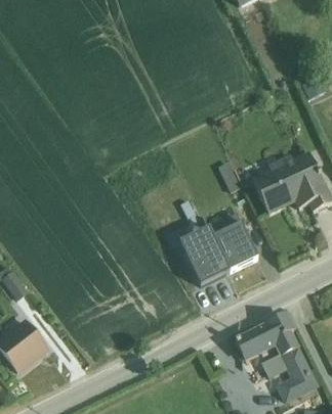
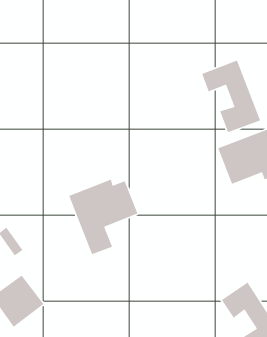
building: none -> [201,59,261,133]
building: [176,219,256,306] -> [68,178,139,255]

